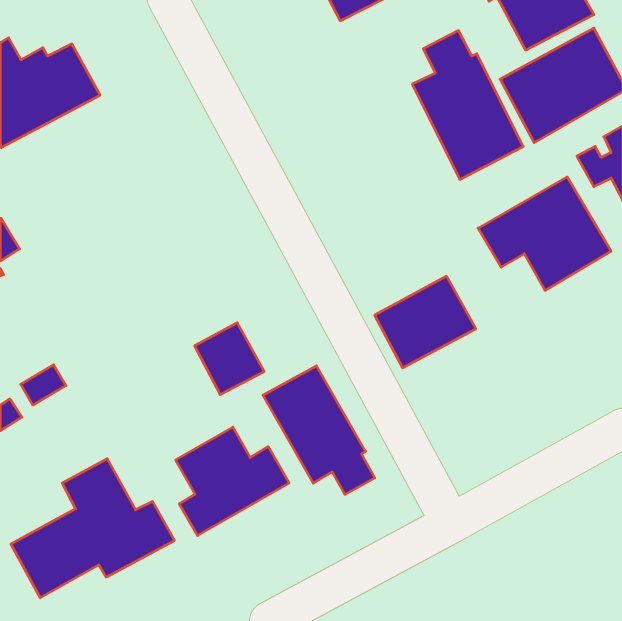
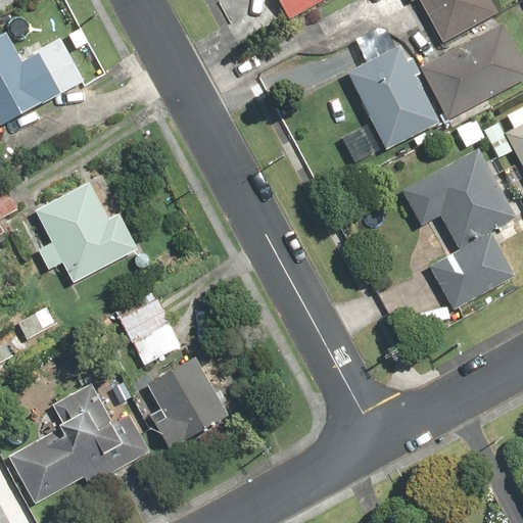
building: none -> [35,182,139,284]
building: [375,276,476,368] -> [429,232,514,308]
building: [195,323,264,395] -> [124,303,182,364]
building: [263,366,375,494] -> none

